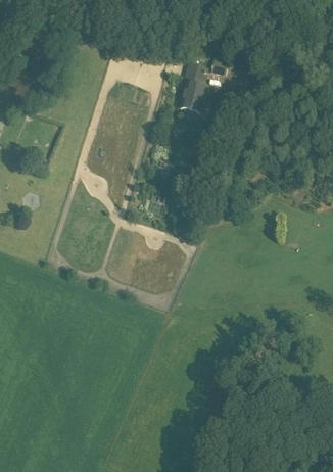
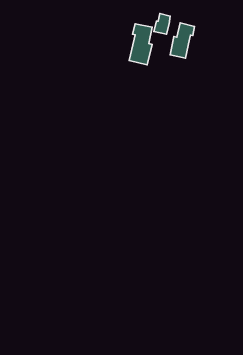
building: none -> [170,23,195,58]

